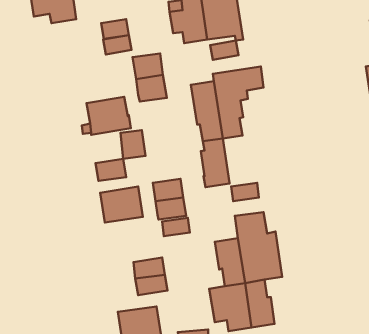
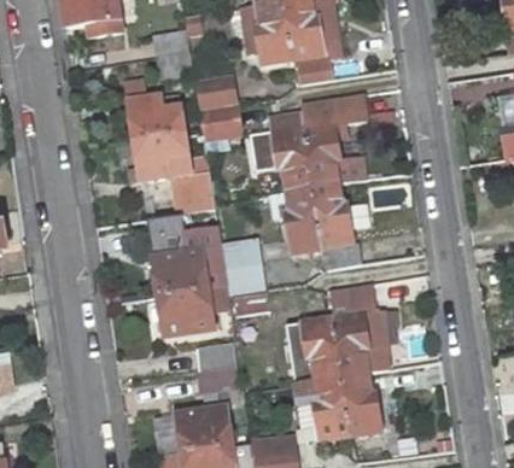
building: none -> [129,98,185,142]
building: none -> [314,185,352,246]
building: none -> [159,291,215,338]

